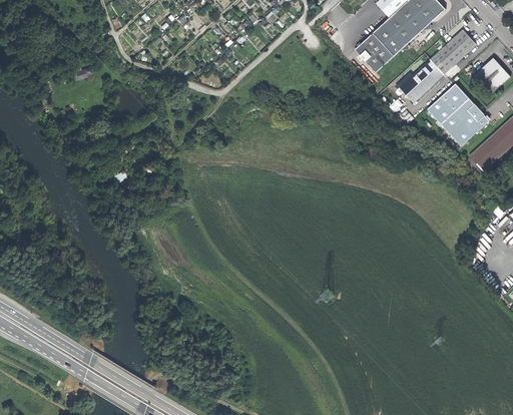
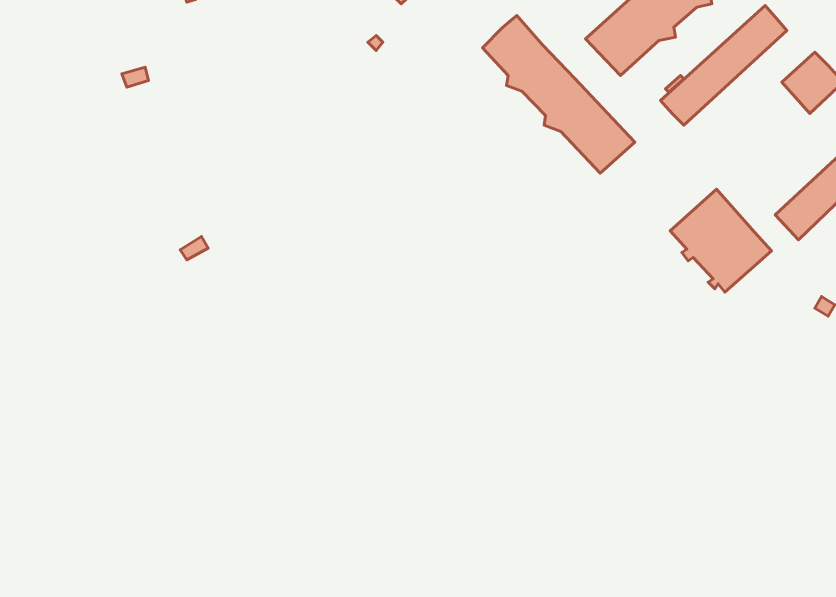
building: none -> [483,15,635,173]
building: [428,83,489,145] -> [670,189,771,292]

